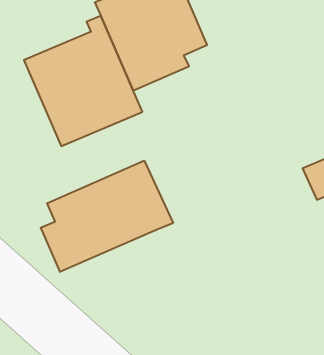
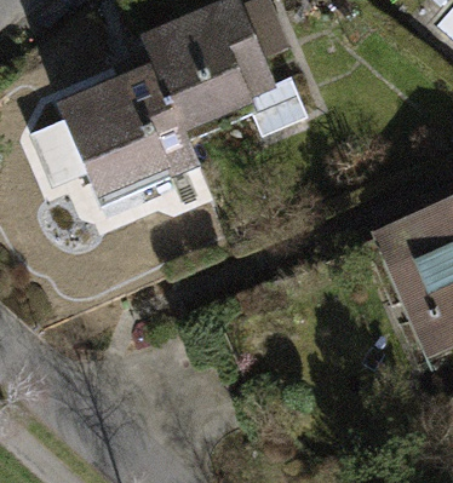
building: [41,161,173,272] -> none

